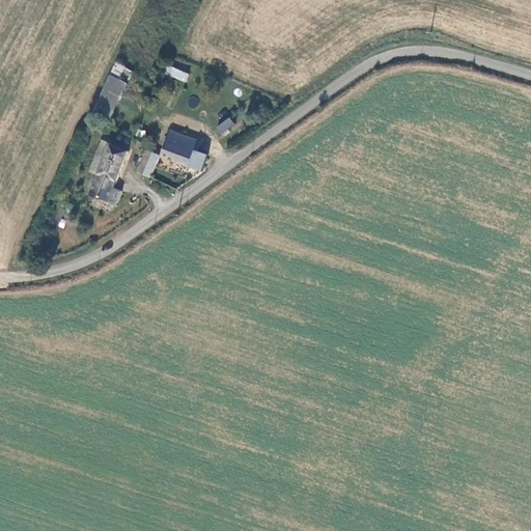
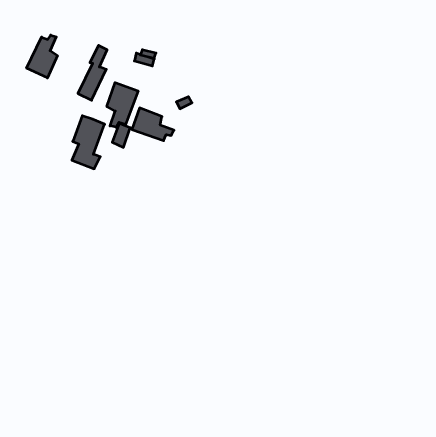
building: none -> [27,35,57,78]
building: none -> [107,83,138,127]

